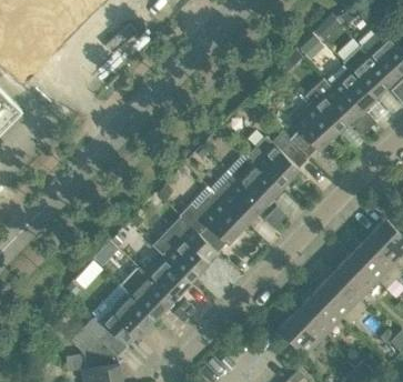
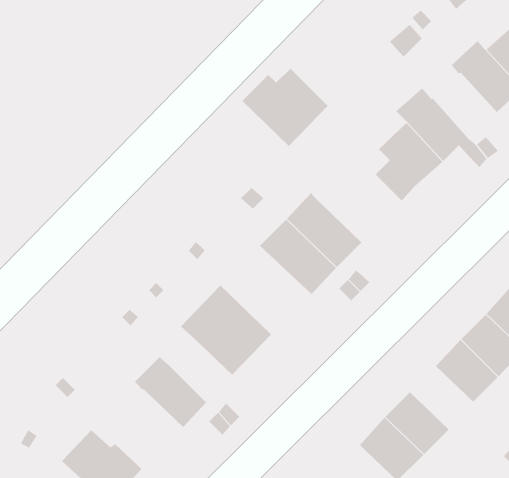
building: [332,69,376,114] -> none
building: [249,132,310,188] -> [241,68,328,147]
building: [180,187,246,252] -> none
building: [147,255,191,300] -> none
building: [315,274,360,319] -> none
building: [103,285,157,346] -> none

